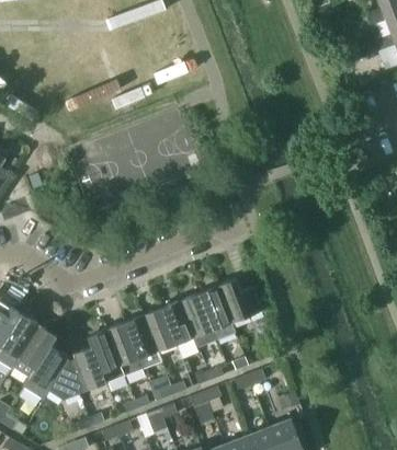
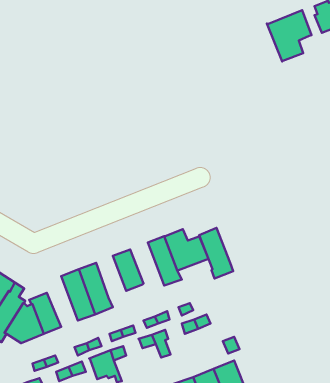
building: none -> [267,10,312,62]
building: [181,292,217,346] -> [199,228,233,278]
building: [145,307,177,351] -> none
building: [89,328,125,382] -> none

